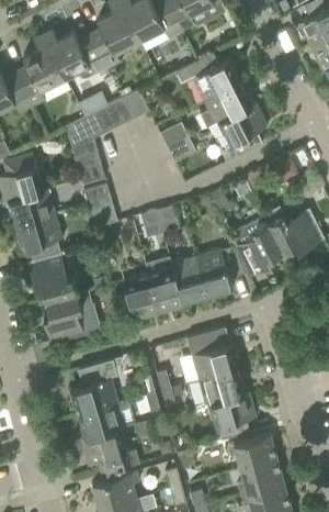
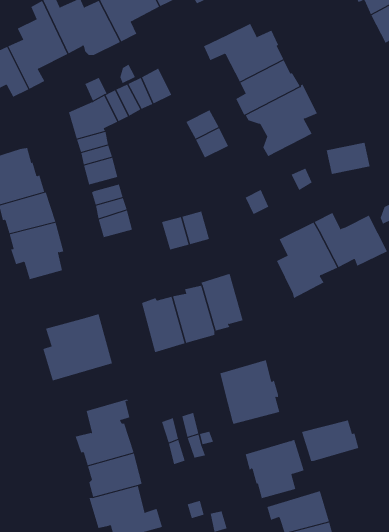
building: [195,247,246,296] -> none
building: [31,255,77,302] -> none
building: [197,370,245,404] -> [301,420,359,462]

